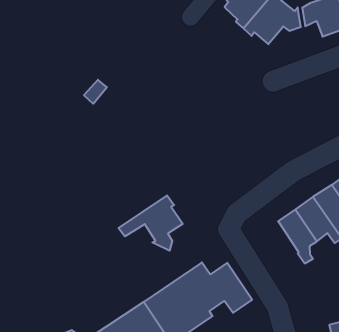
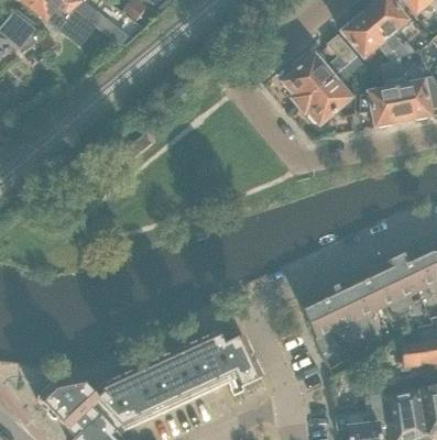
building: [119,195,183,251] -> none

